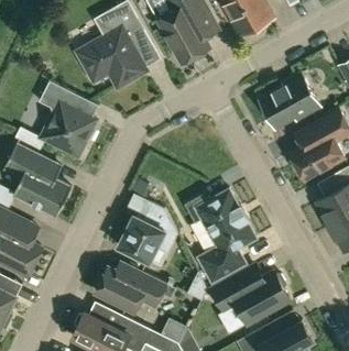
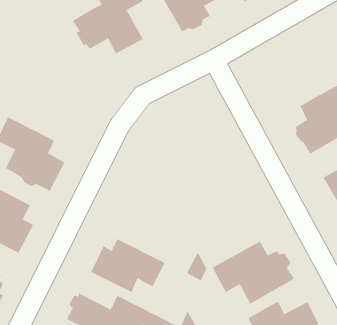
building: [260,74,318,127] -> none
building: [39,80,96,156] -> none
building: [186,188,255,282] -> none
building: [117,201,177,262] -> none

